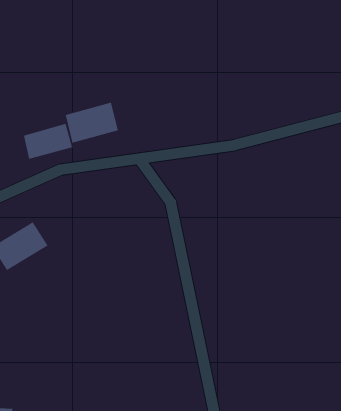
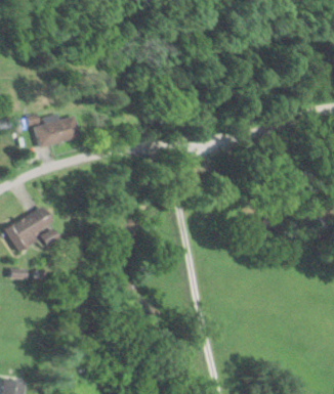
building: [65,102,118,143] -> none

